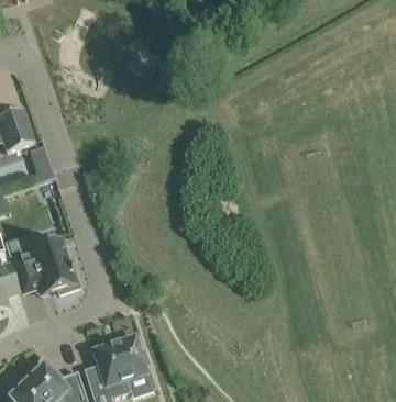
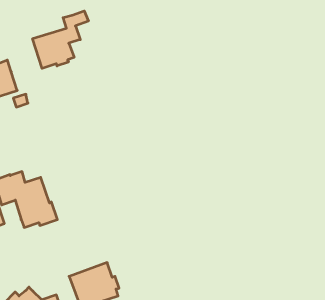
building: none -> [33,11,88,68]

